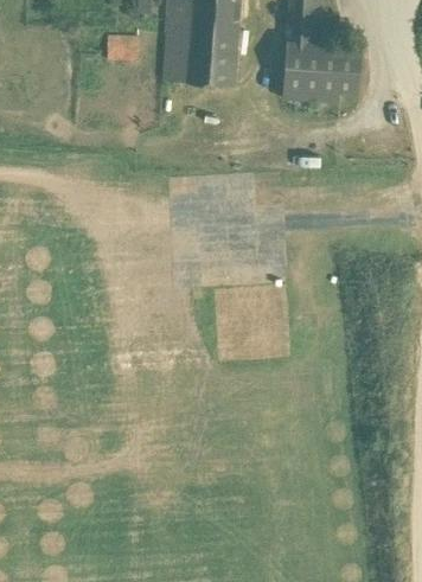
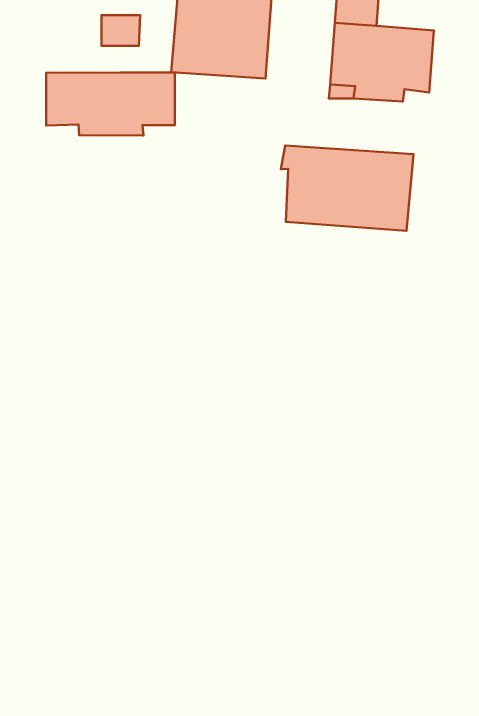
building: none -> [46,72,175,136]
building: none -> [281,145,413,231]

